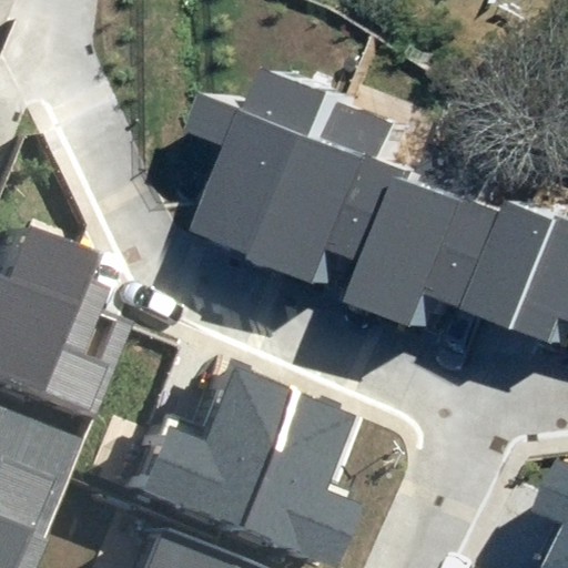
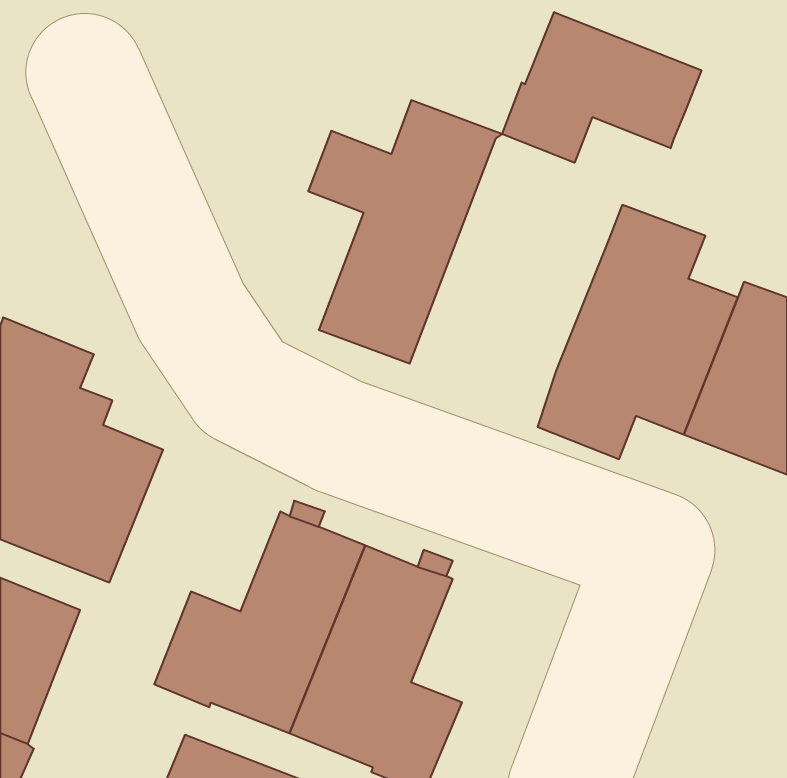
building: none -> [502,12,701,163]
building: [293,106,438,292] -> none

